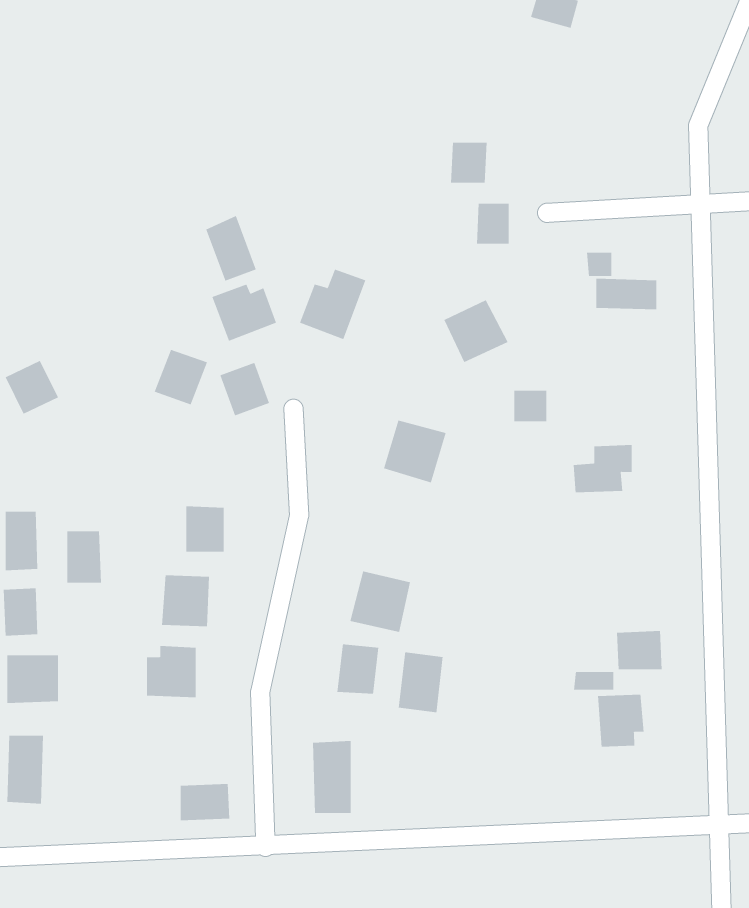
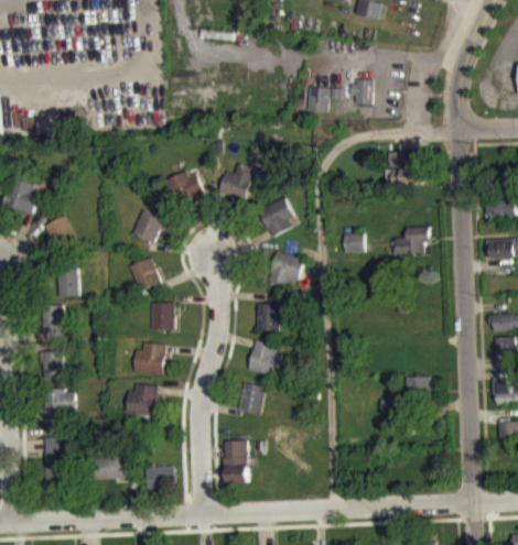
building: [476,203,510,244] -> [352,79,371,103]
building: [205,215,257,282] -> none
building: [443,299,509,363] -> [258,197,296,235]
building: [220,362,270,416] -> [129,258,159,290]
building: [573,444,633,493] -> [395,226,430,254]
building: none -> [256,303,279,331]
building: [66,531,102,583] -> [57,265,78,296]
building: [398,652,443,713] -> none
building: [598,694,644,748] -> none
building: none -> [96,457,127,479]

